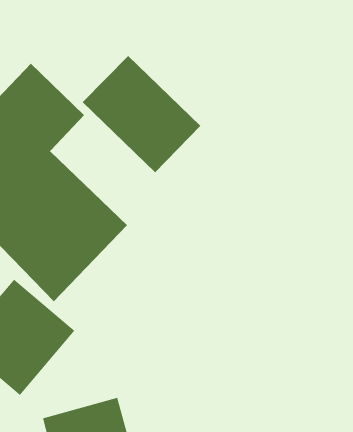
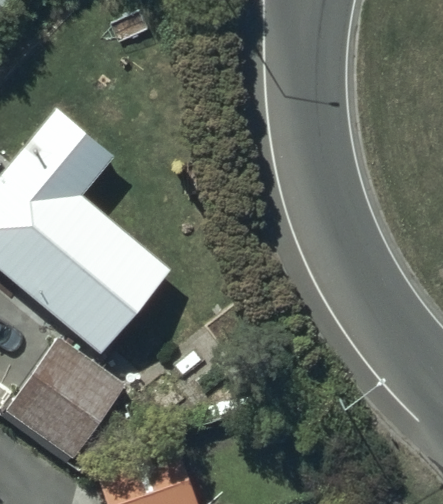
building: [82,55,201,173] -> none

